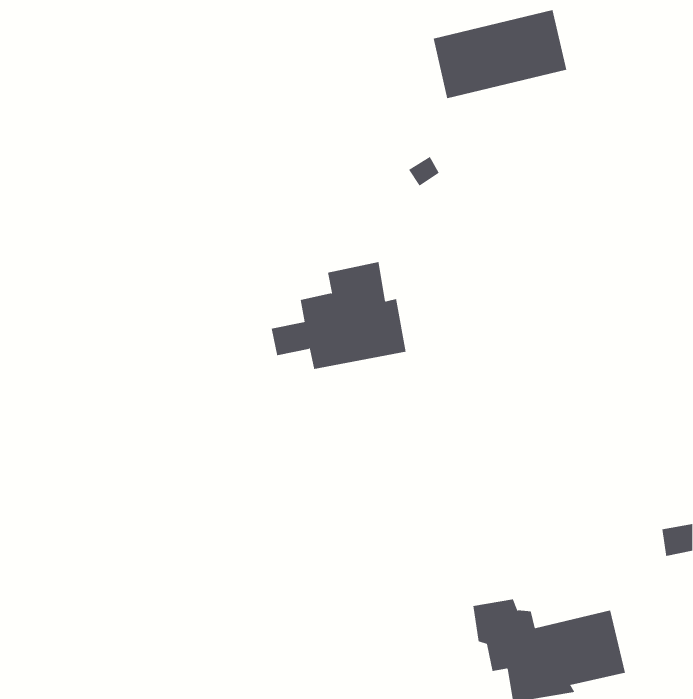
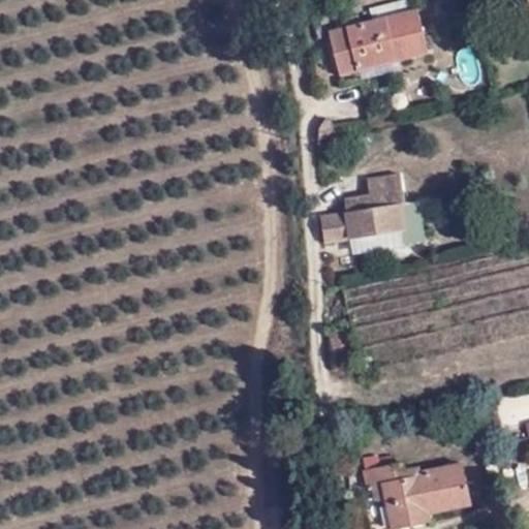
building: [271,261,407,370] -> [320,169,423,251]

